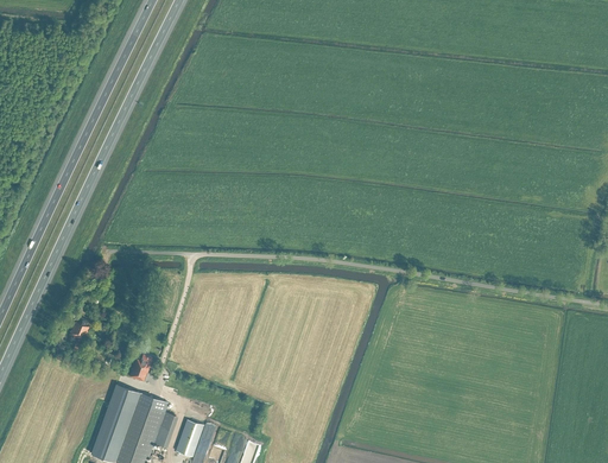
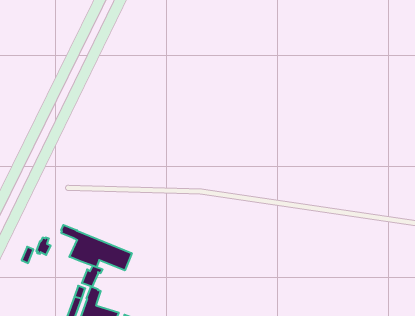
building: none -> [61,225,132,270]

